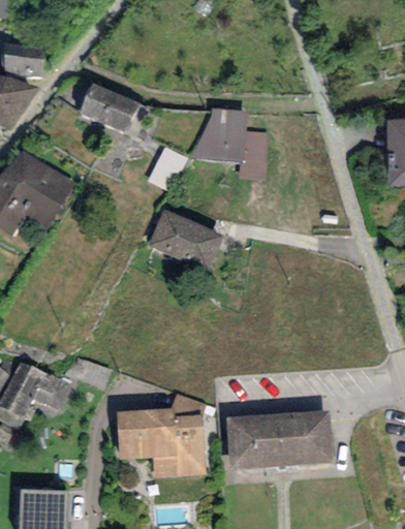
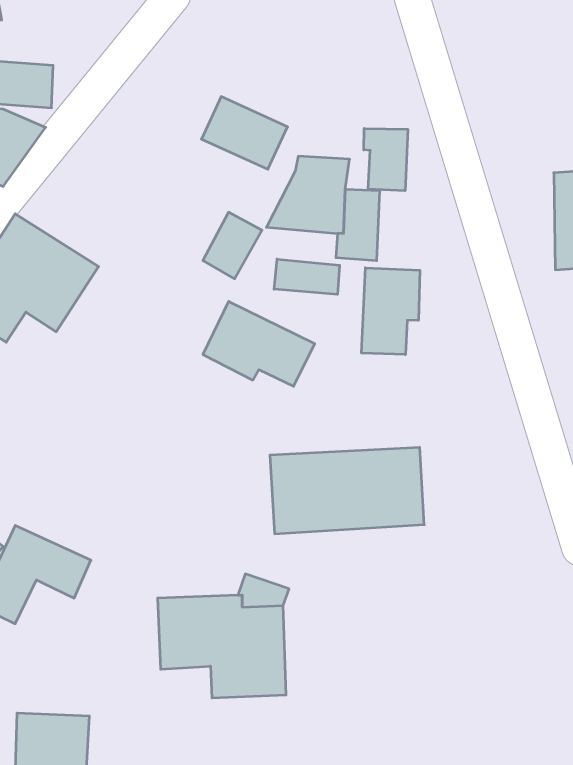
building: [79,83,137,132] -> [201,97,288,169]
building: none -> [364,128,408,191]
building: none -> [274,259,340,294]
building: none -> [362,268,420,355]
building: [226,411,332,470] -> [270,447,424,534]

